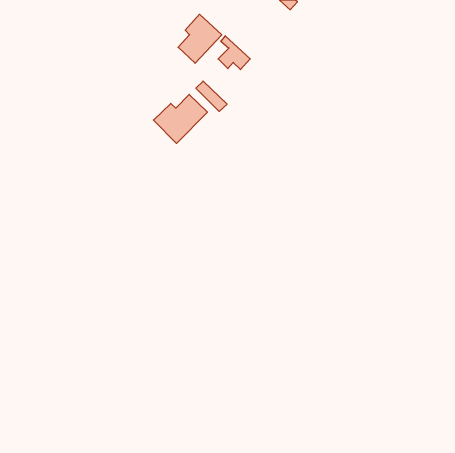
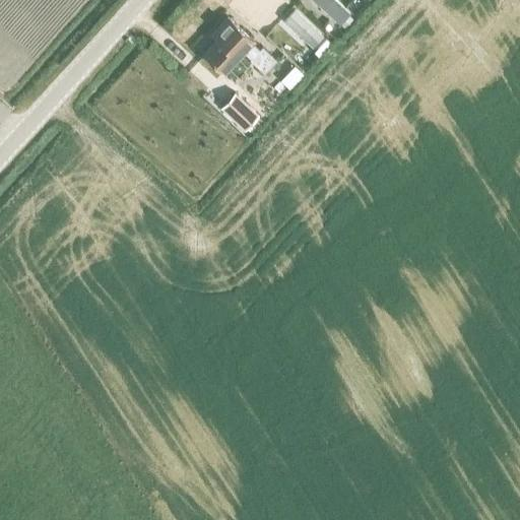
building: none -> [284,11,320,49]
building: [153,94,207,143] -> none

